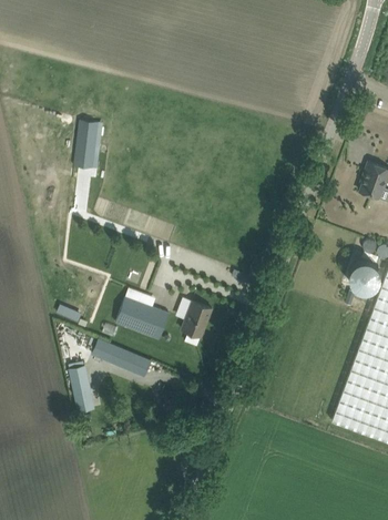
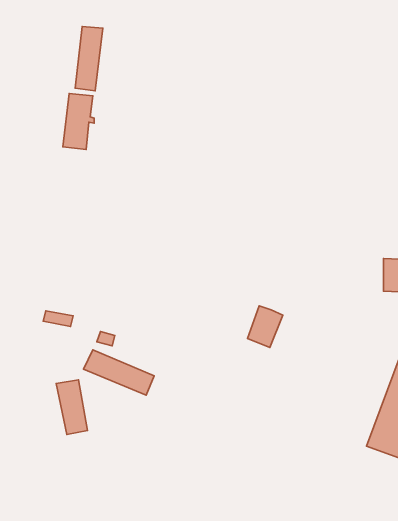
building: none -> [75,27,103,91]
building: [116,296,171,340] -> none
building: [183,302,213,337] -> [248,306,283,348]

